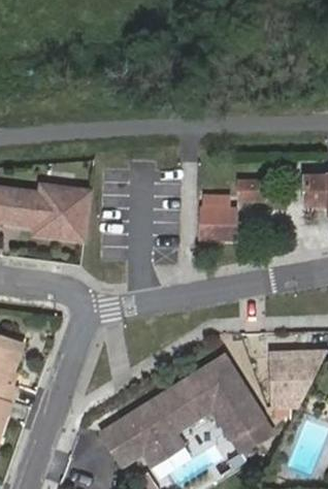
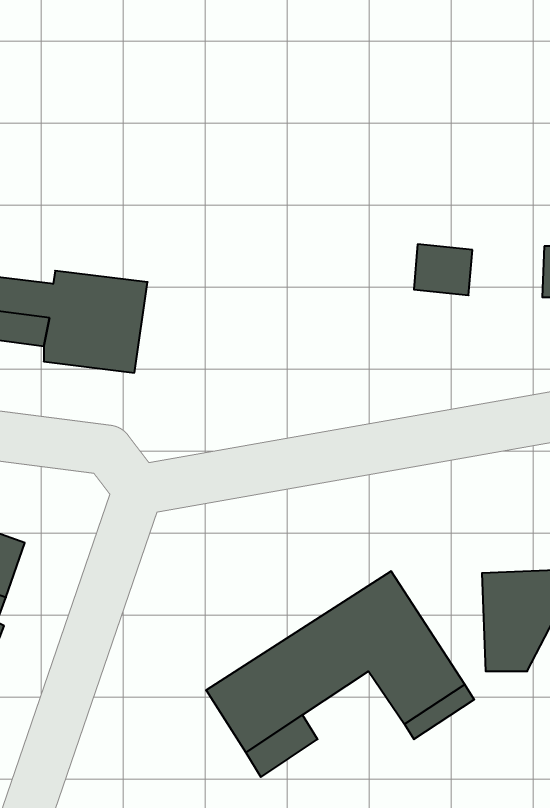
building: [200,201,230,244] -> none
building: [102,419,144,466] -> none

